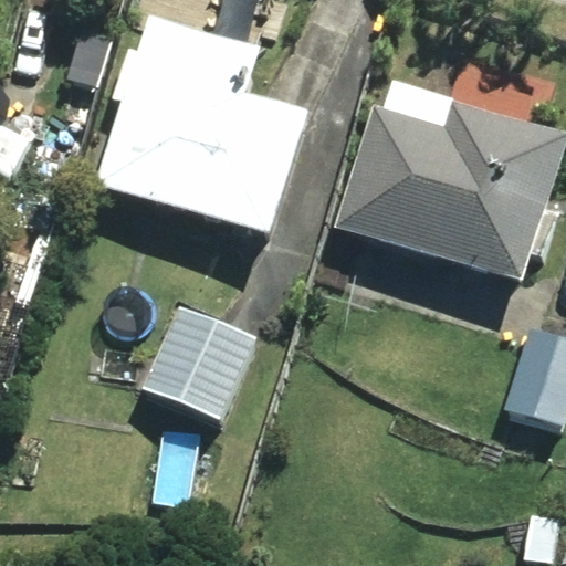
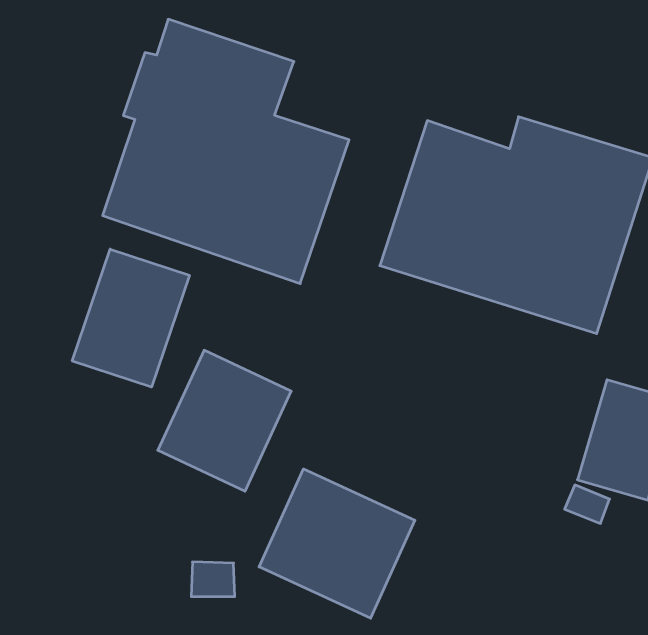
building: none -> [72,249,189,387]
building: none -> [259,469,415,618]

